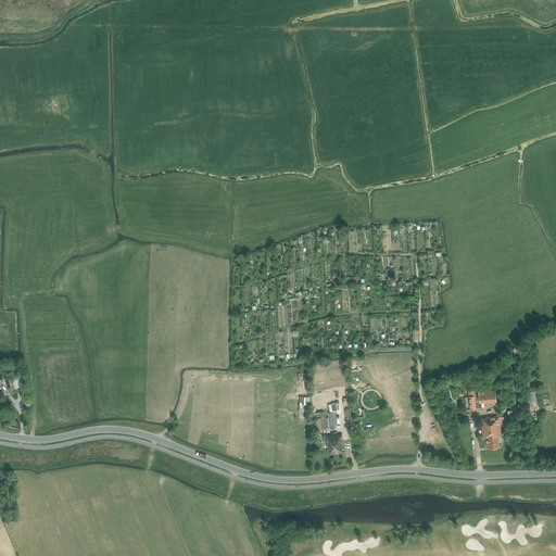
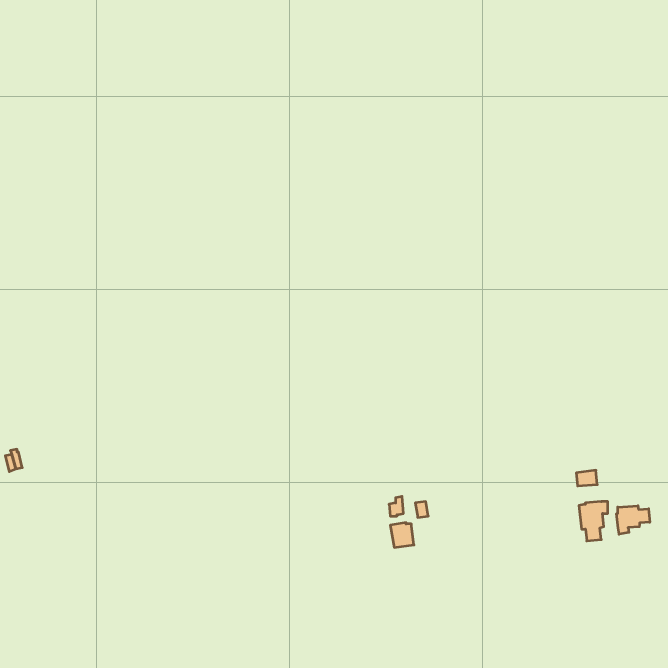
building: none -> [617,506,650,534]

